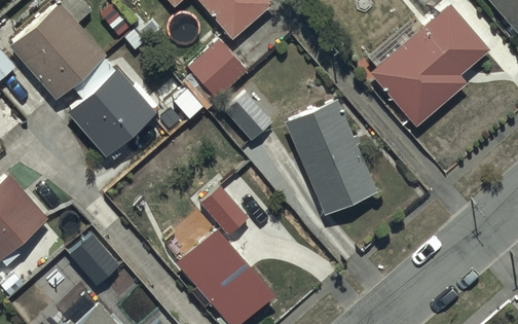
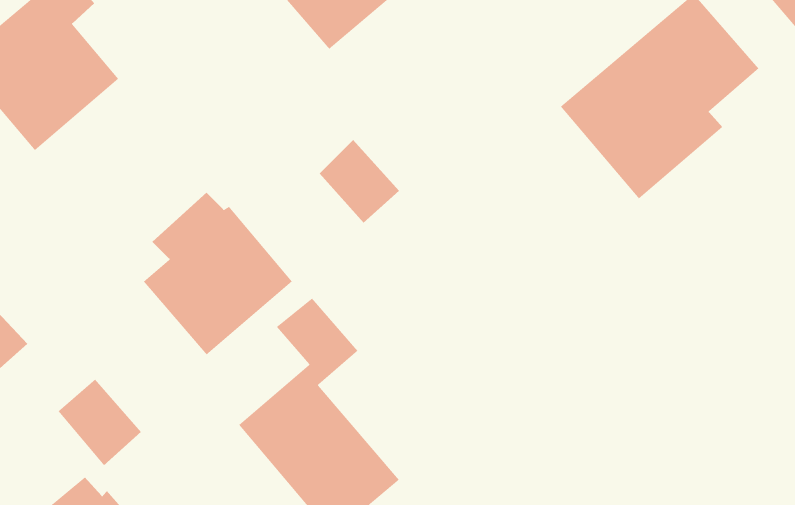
building: [187,39,247,100] -> none
building: [67,59,156,156] -> [143,192,293,355]
building: [283,99,377,214] -> none

